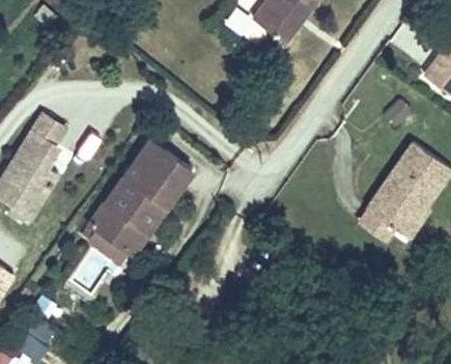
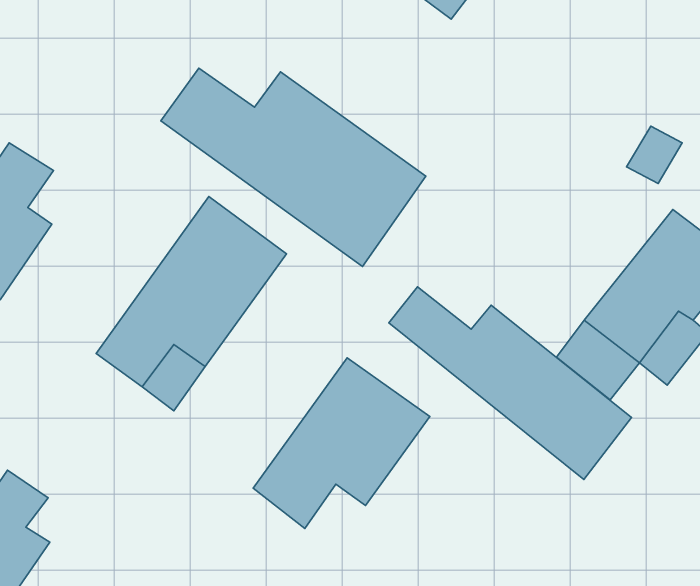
building: none -> [161,68,426,267]
building: none -> [389,287,632,479]
building: none -> [253,358,430,528]

